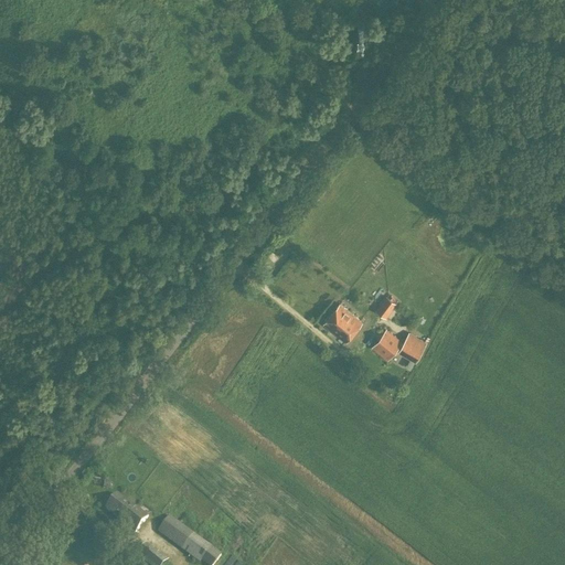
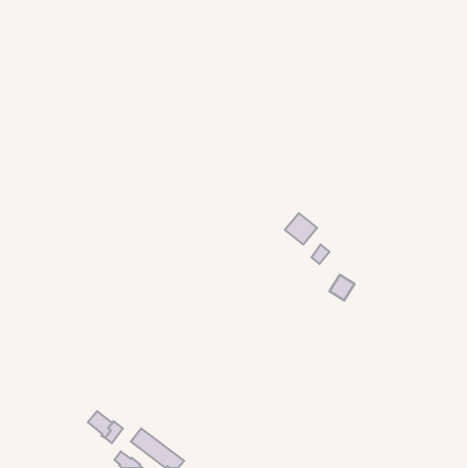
building: [324,303,363,341] -> [285,213,317,244]
building: [372,328,404,360] -> none

